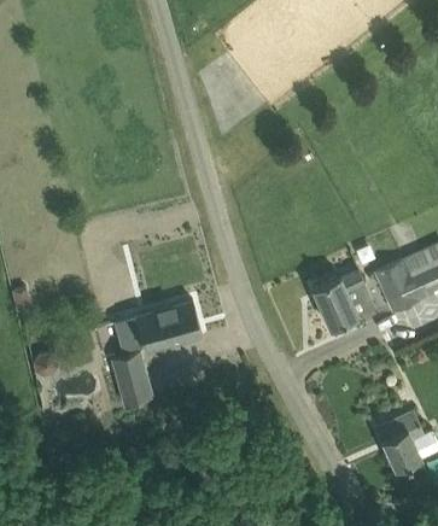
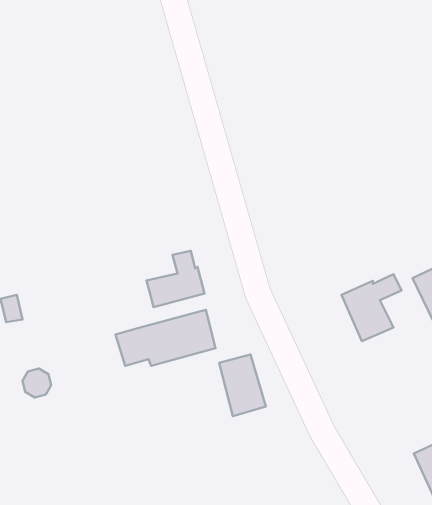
building: none -> [146,251,205,307]
building: [112,353,153,408] -> [219,355,266,416]

